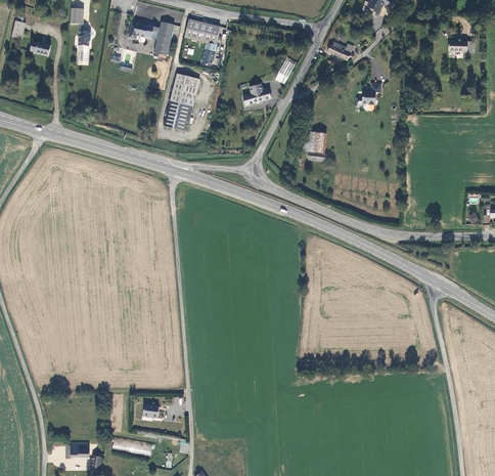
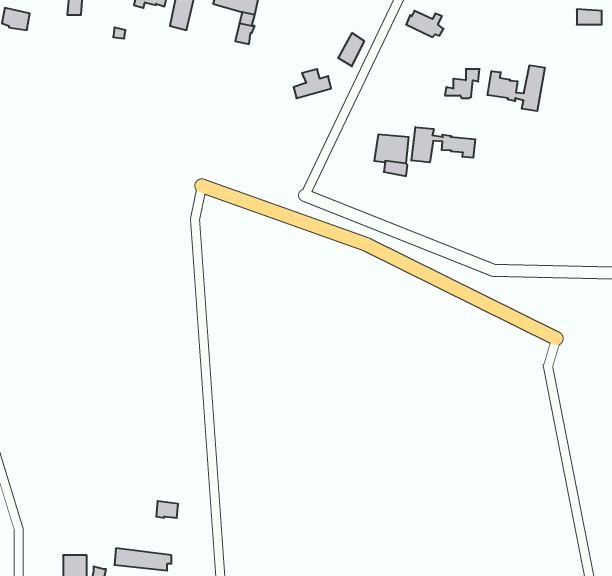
building: [165,72,199,130] -> none
building: none -> [487,65,545,111]
building: none -> [411,127,475,162]

